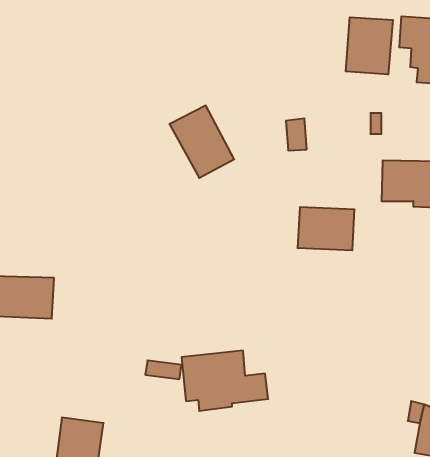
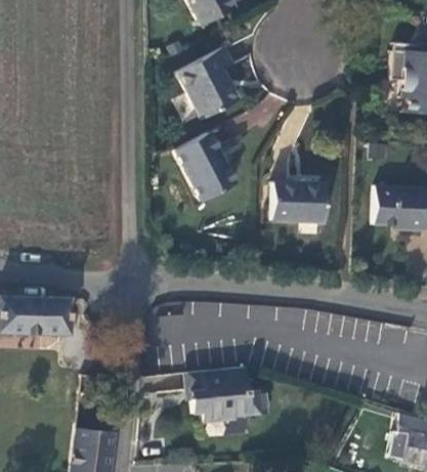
building: none -> [178,51,237,122]
building: [346,17,393,75] -> none
building: [297,207,355,250] -> [271,184,325,224]

